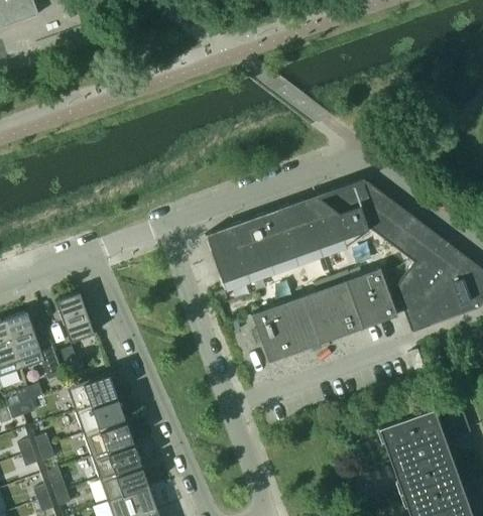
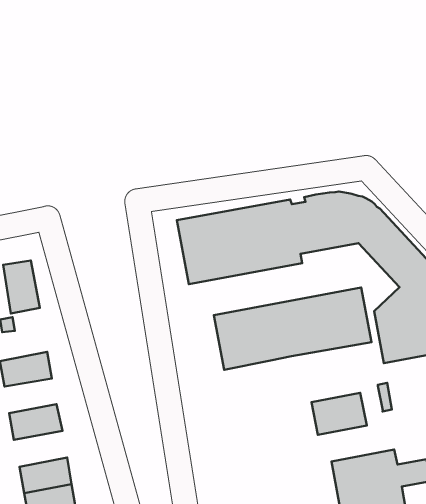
building: none -> [311,393,367,435]
building: [75,395,124,432] -> none
building: [91,440,141,479] -> none

